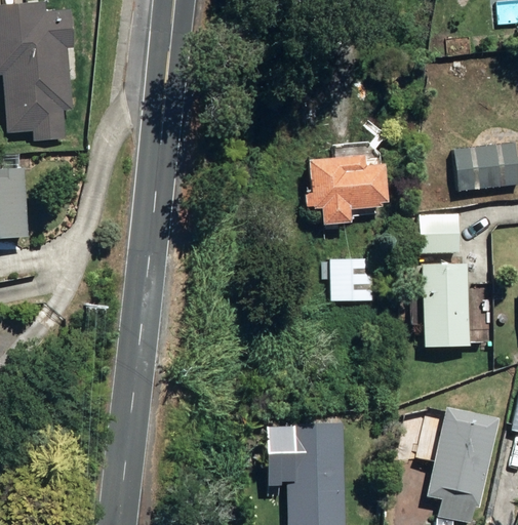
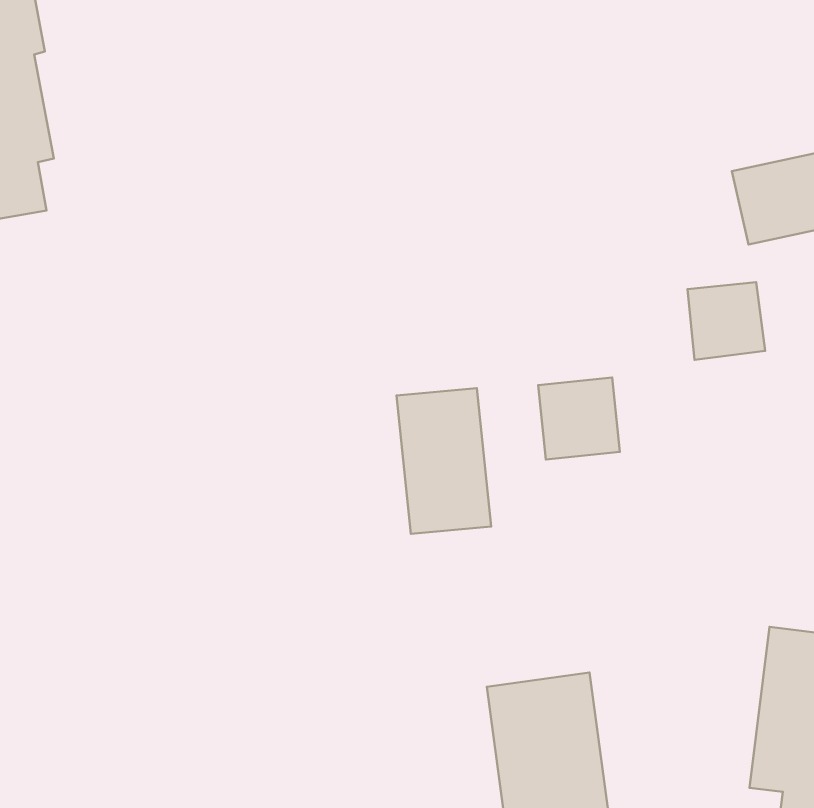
building: [302,154,387,230] -> none
building: none -> [397,388,491,534]
building: [422,265,470,348] -> none

